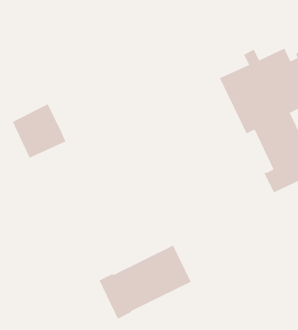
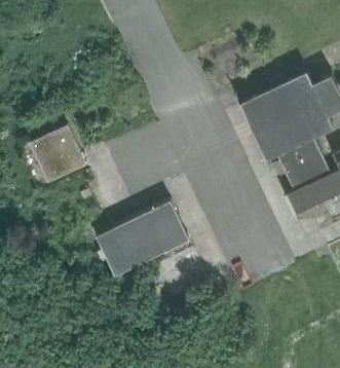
building: [98,245,192,320] -> [95,201,189,278]

